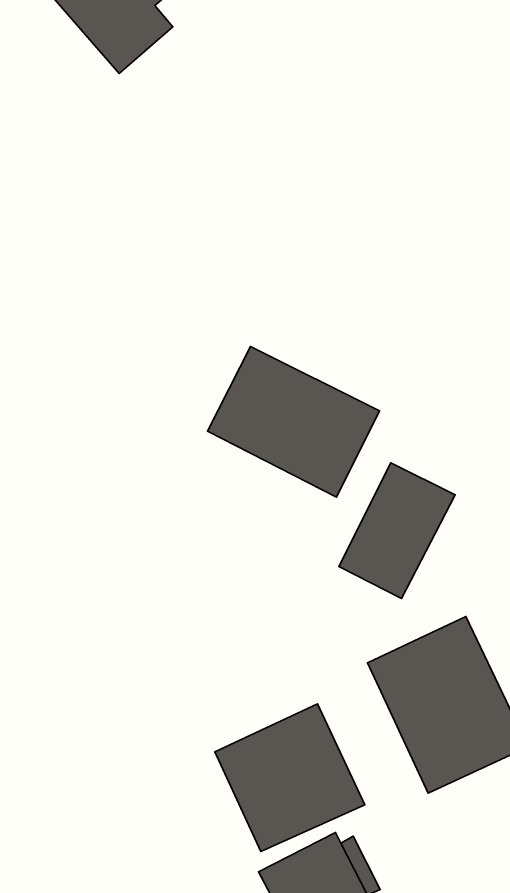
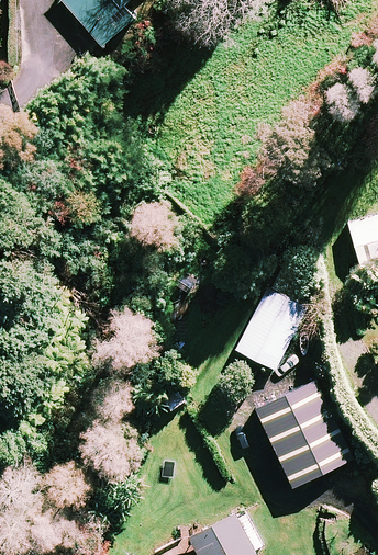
building: [207,346,380,497] -> none
building: [215,704,365,851] -> none

